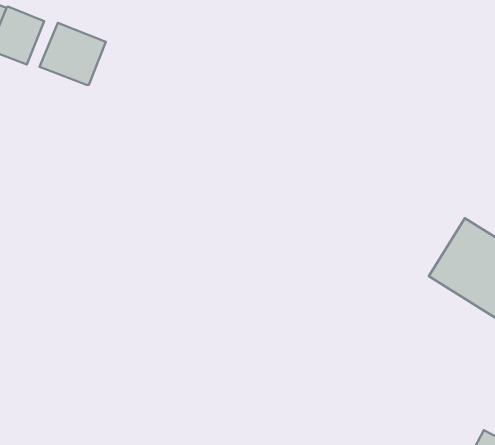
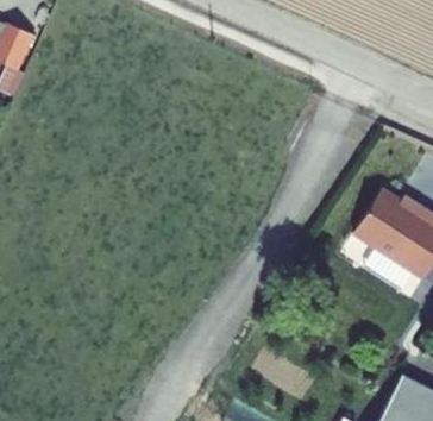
building: [39,23,106,85] -> none

